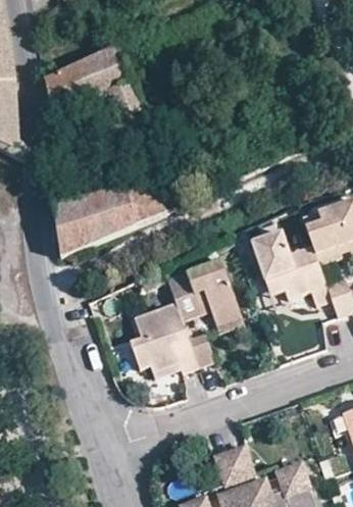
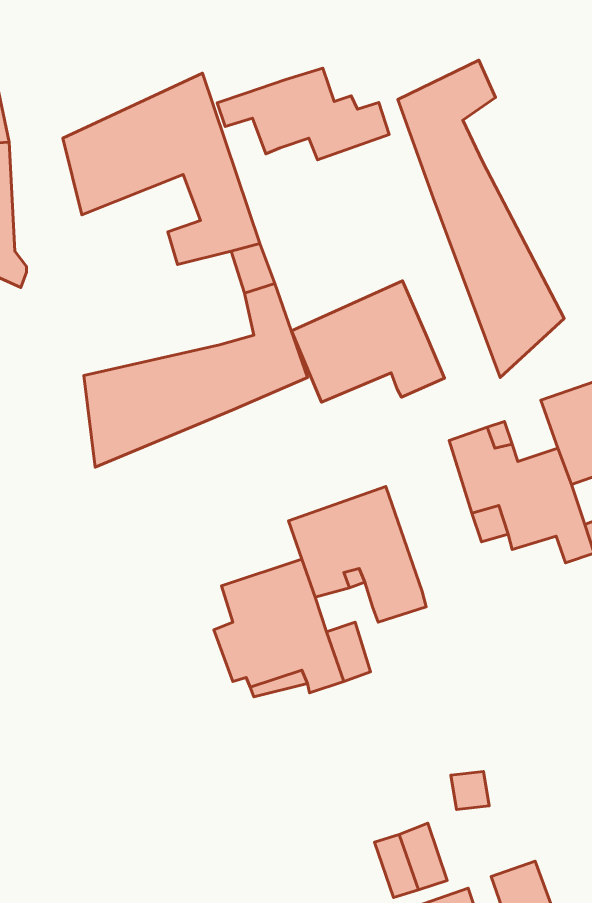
building: none -> [398,60,564,377]
building: none -> [217,68,389,160]
building: none -> [291,281,444,402]

